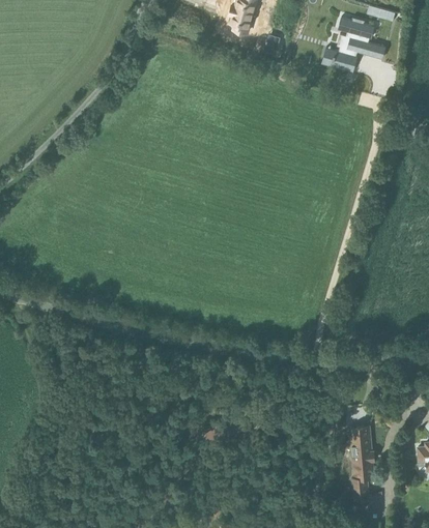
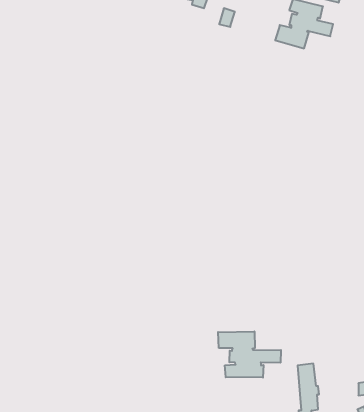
building: none -> [218,331,281,378]

